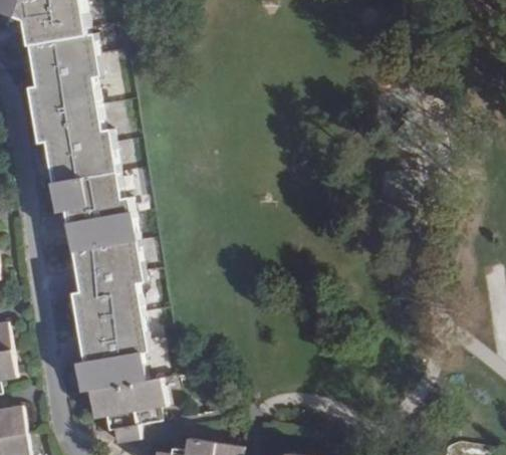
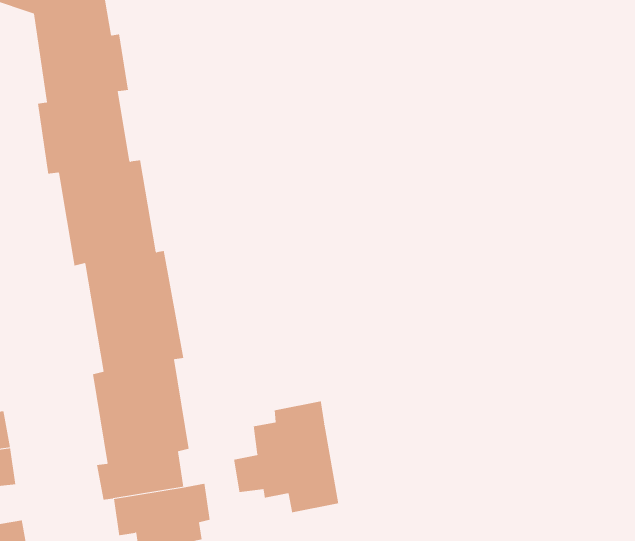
building: none -> [233,400,339,513]

